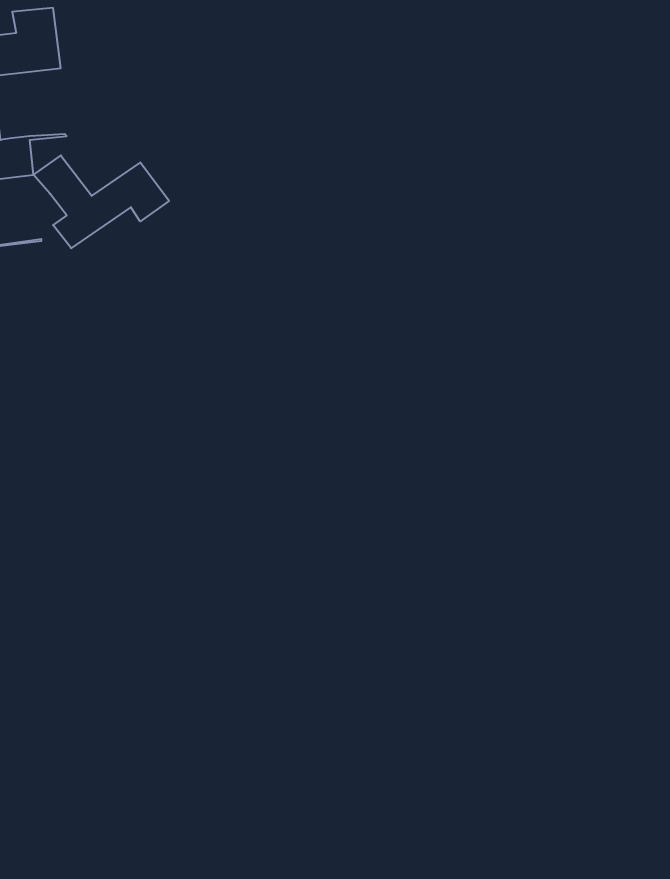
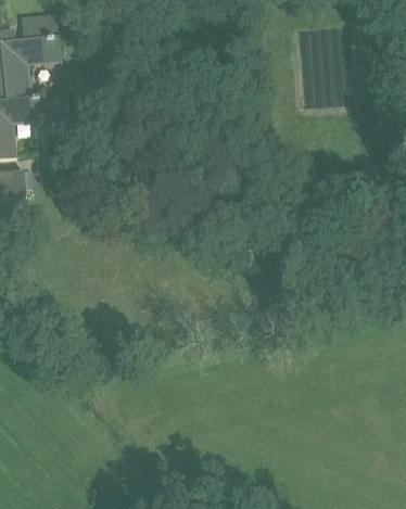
building: [34,155,169,248] -> none

